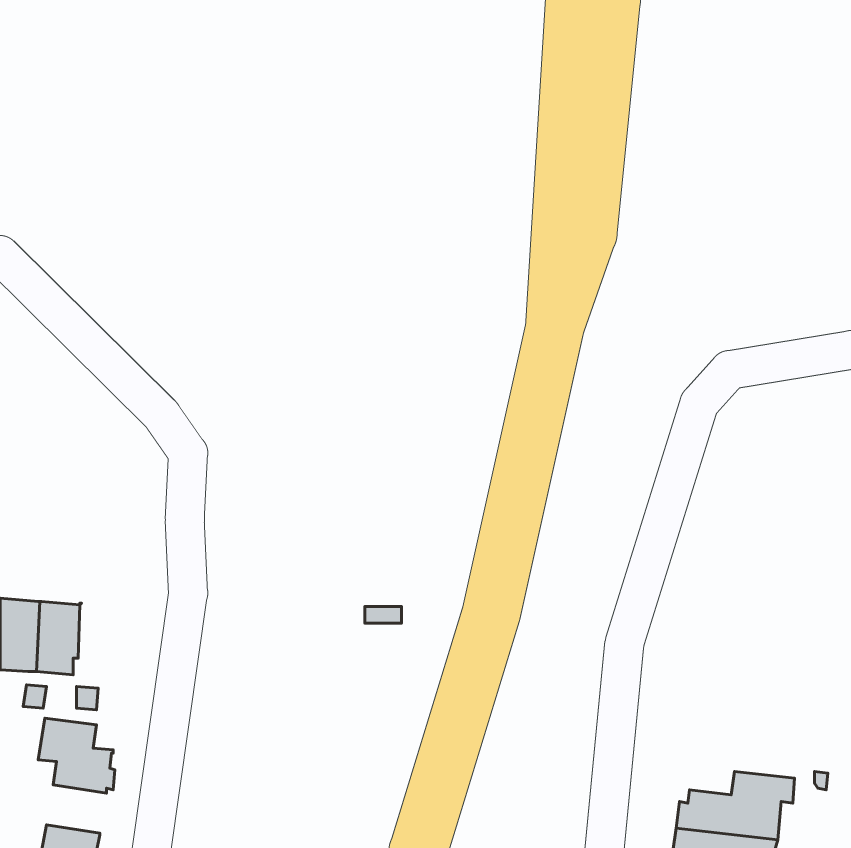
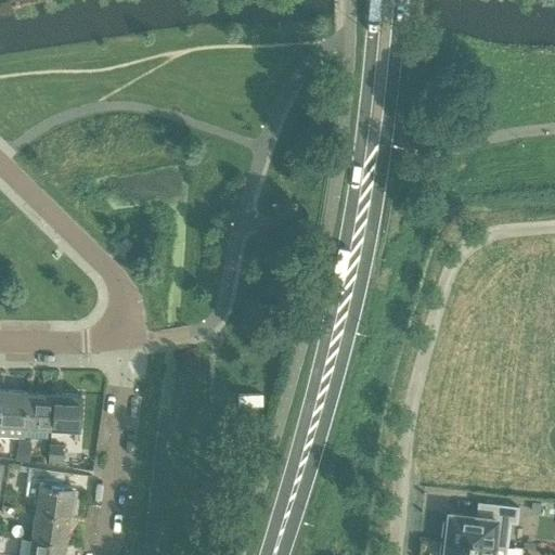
building: none -> [51,395,80,433]
building: none -> [30,513,69,544]

